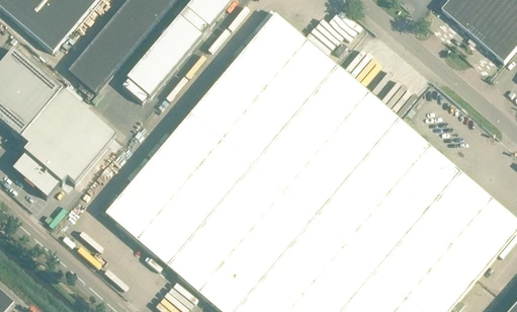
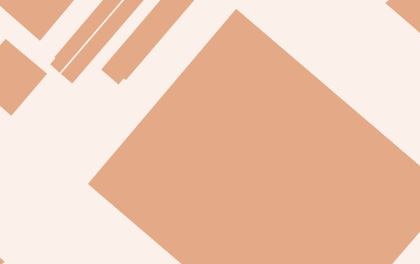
building: [12,88,115,197] -> none

